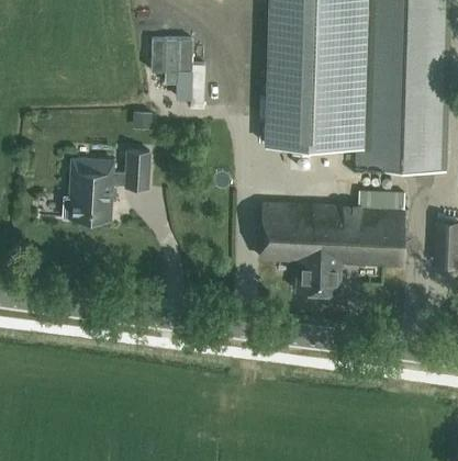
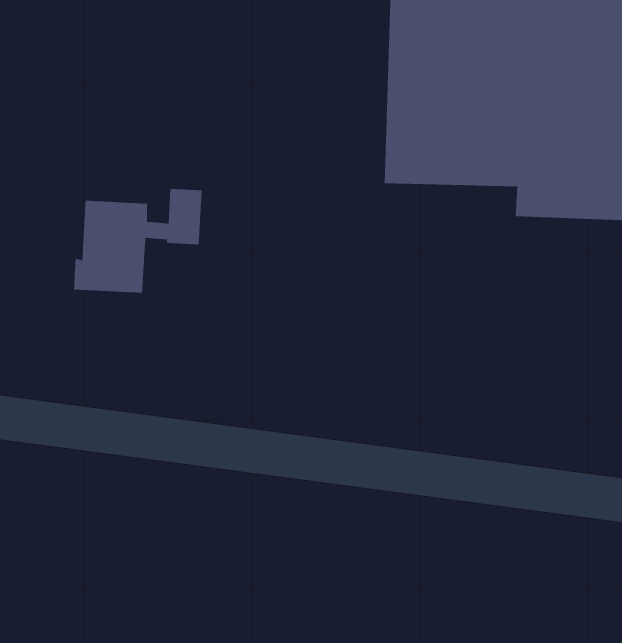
building: [148,37,202,97] -> none
building: [259,192,404,294] -> none

